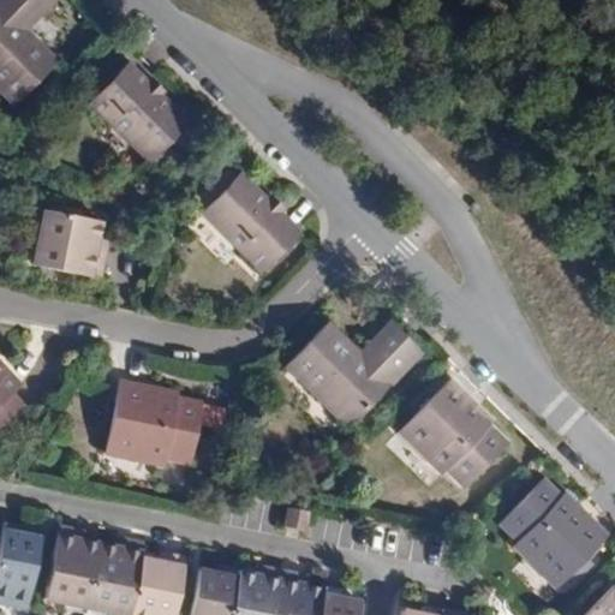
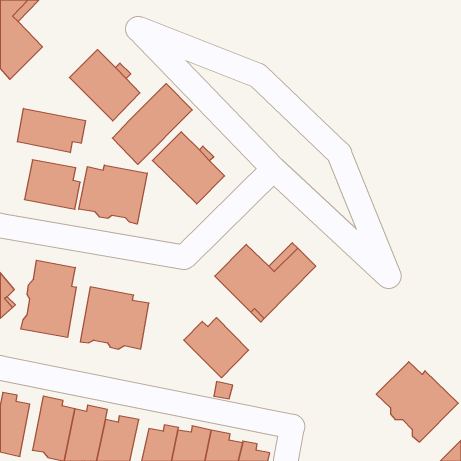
building: none -> [112,84,192,164]
building: none -> [17,108,85,153]
building: none -> [79,165,147,224]
building: none -> [21,260,76,337]
building: [400,382,504,489] -> none
building: none -> [184,318,249,378]

